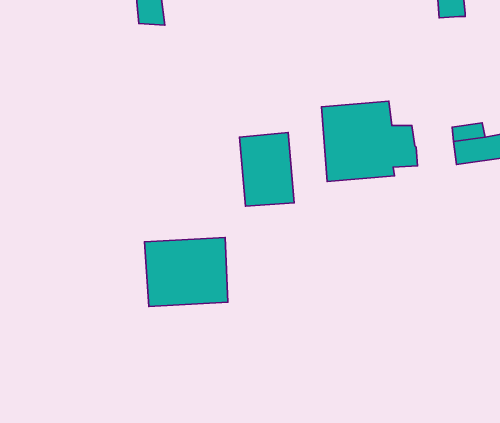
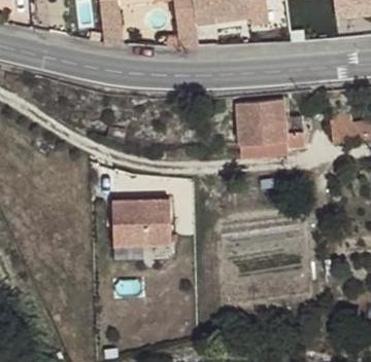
building: [240,132,294,206] -> none

